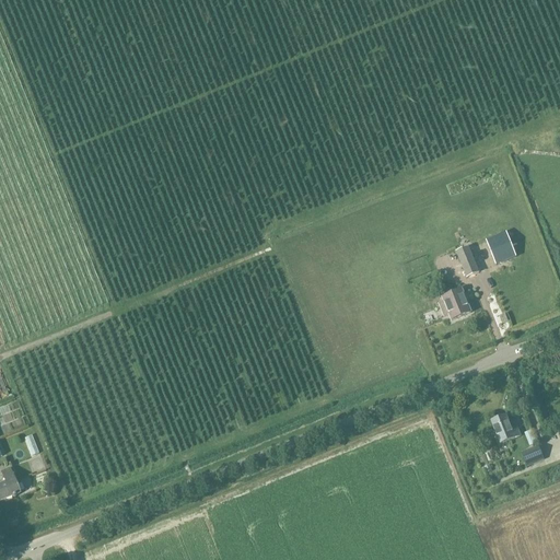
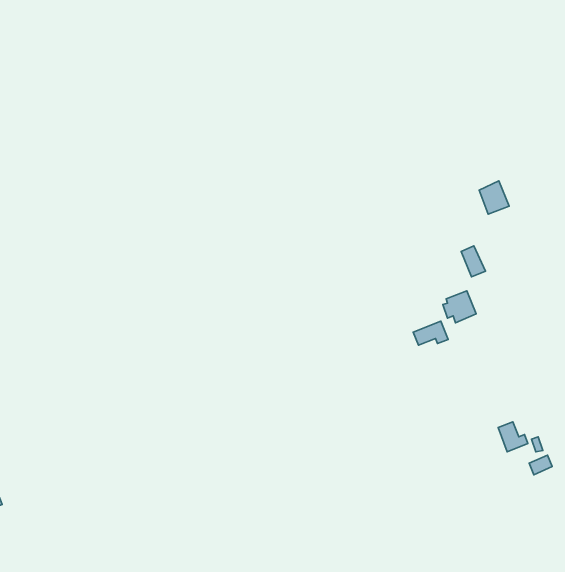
building: [487,230,515,261] -> [479,181,509,214]
building: none -> [413,321,448,345]

